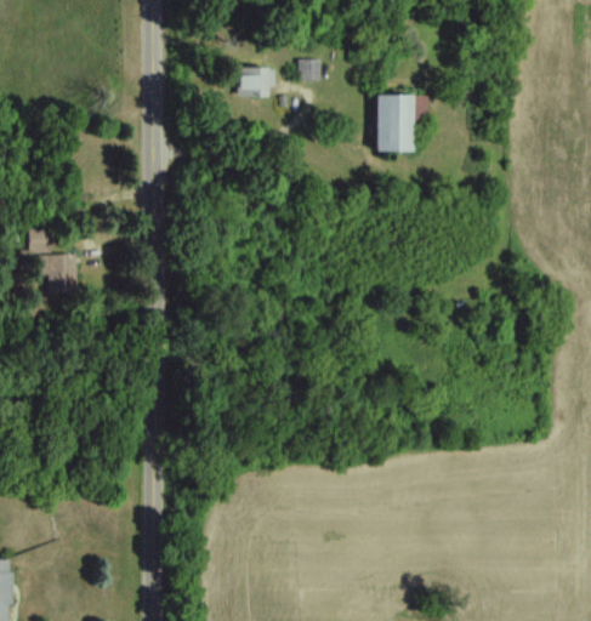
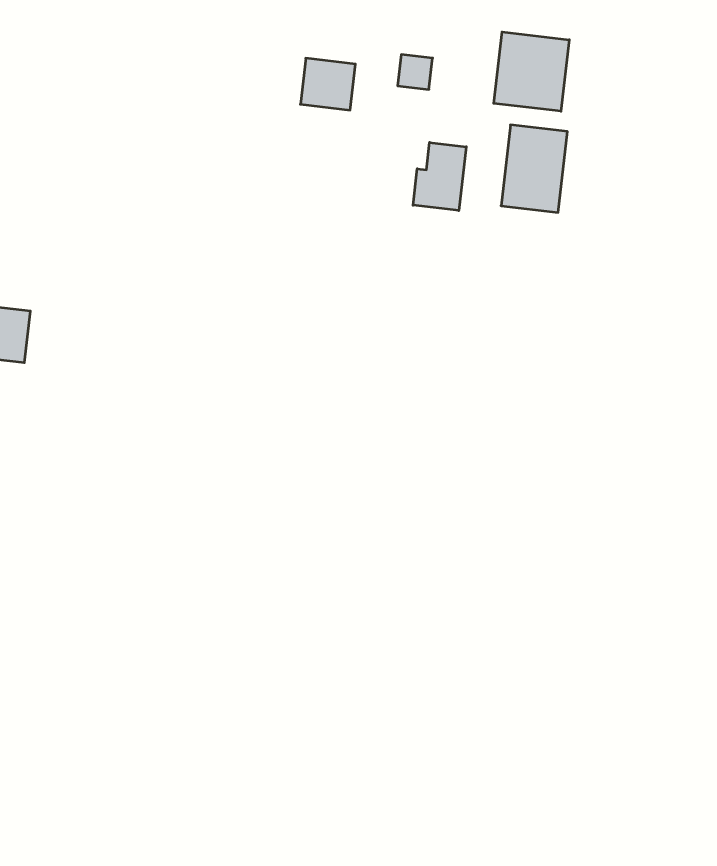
building: none -> [494,32,569,111]
building: none -> [413,142,466,211]

